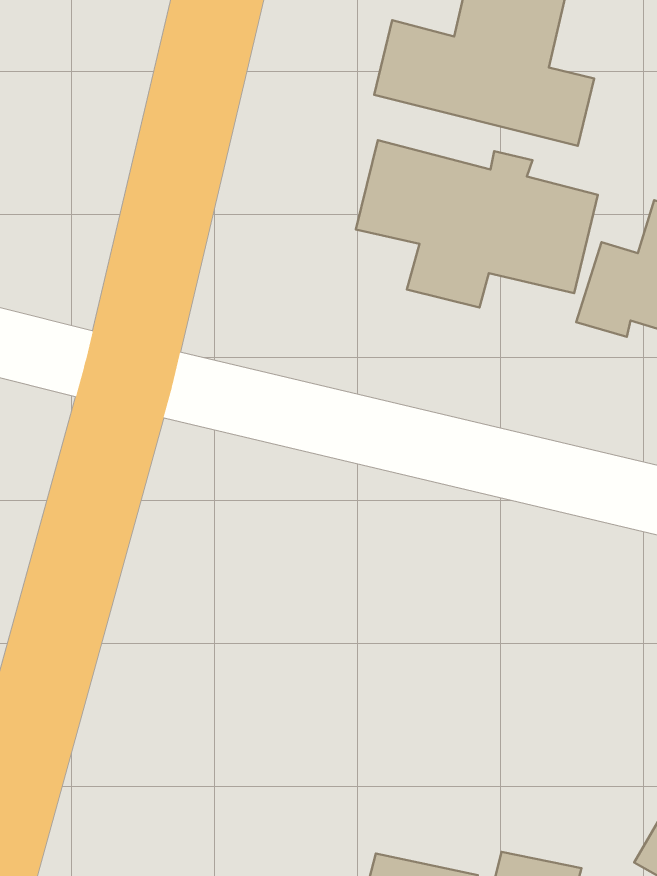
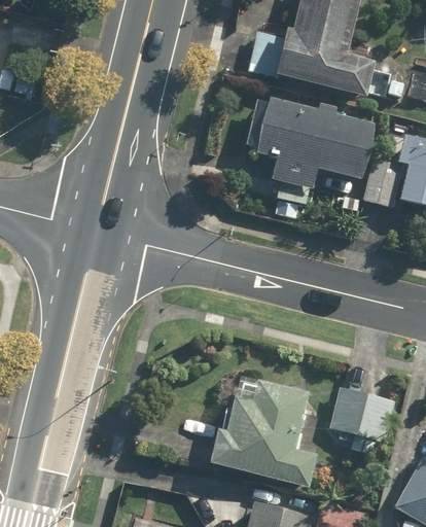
building: none -> [203,375,317,484]
building: none -> [326,383,396,442]

